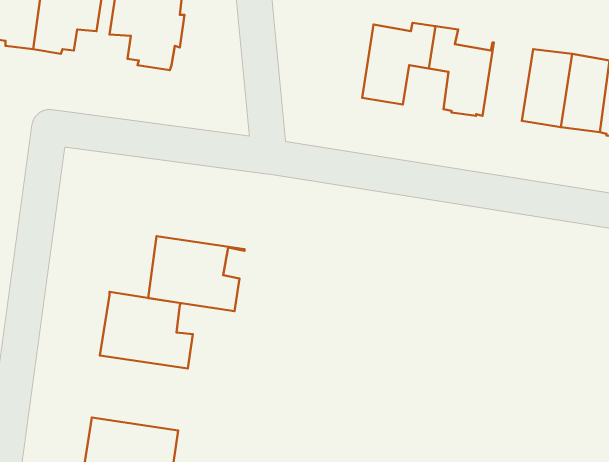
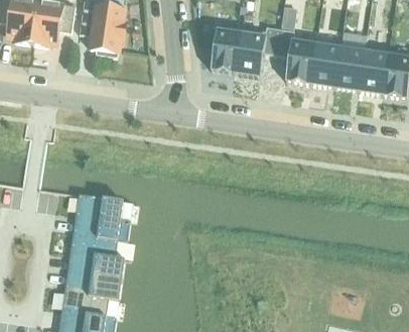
building: none -> [211,24,242,73]
building: none -> [309,38,340,87]
building: [148,236,244,311] -> [67,232,127,279]

